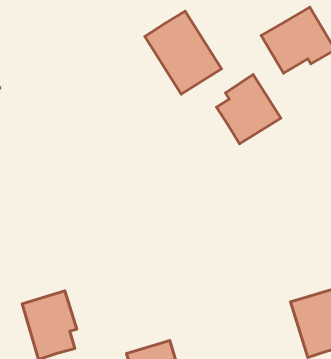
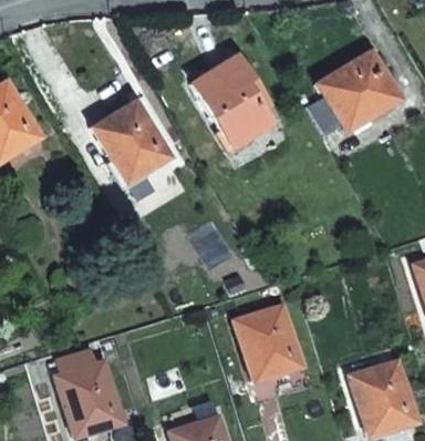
building: none -> [94,102,163,182]
building: [217,75,281,144] -> none
building: none -> [236,306,296,380]

